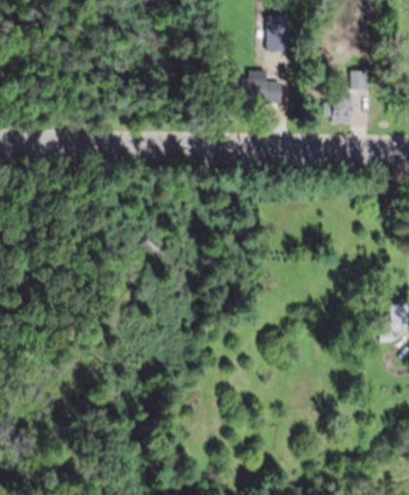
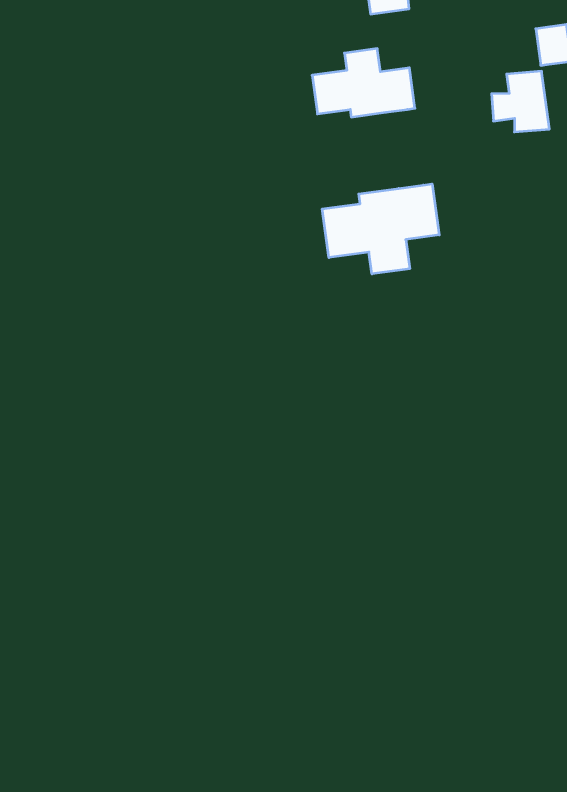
building: none -> [322,184,439,274]

